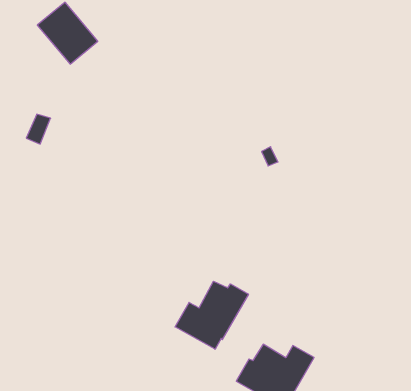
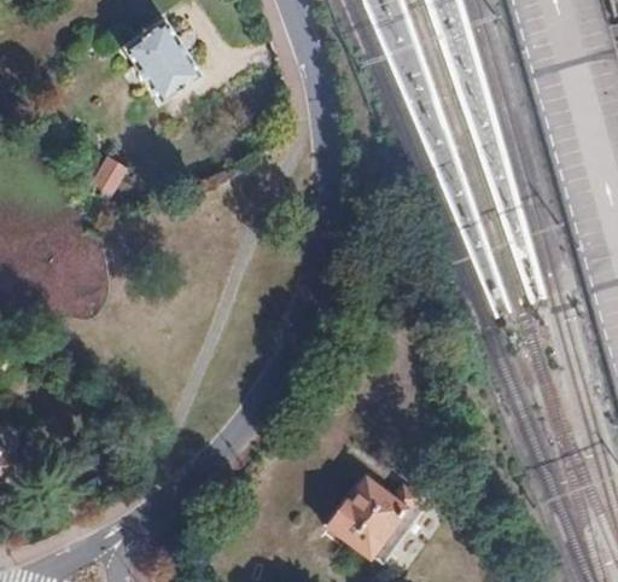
building: [175,281,248,349] -> none

